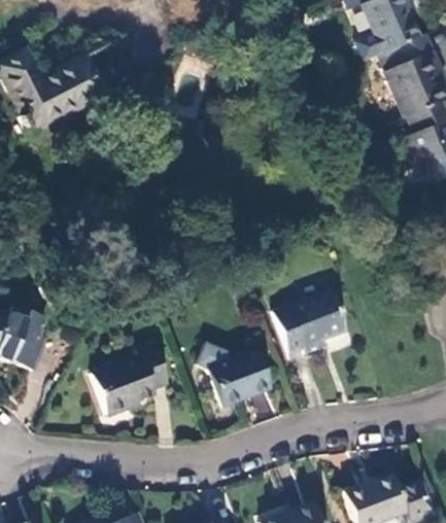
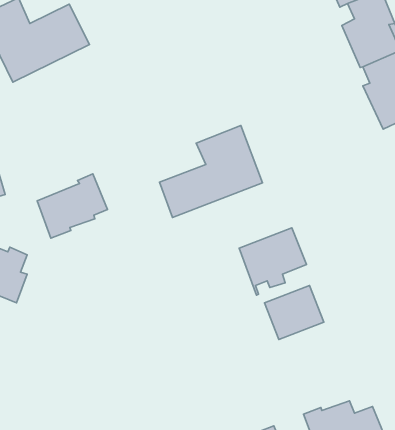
building: none -> [160,126,262,217]
building: [93,345,168,414] -> [37,174,107,238]
building: [206,350,270,408] -> [264,286,324,339]

